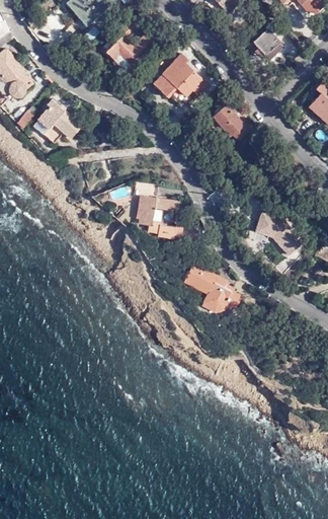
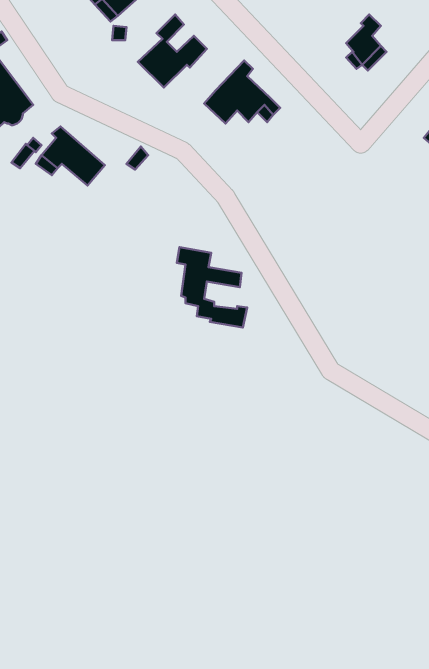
building: [213,103,249,142] -> none
building: [258,212,301,256] -> none
building: [183,264,241,312] -> none

